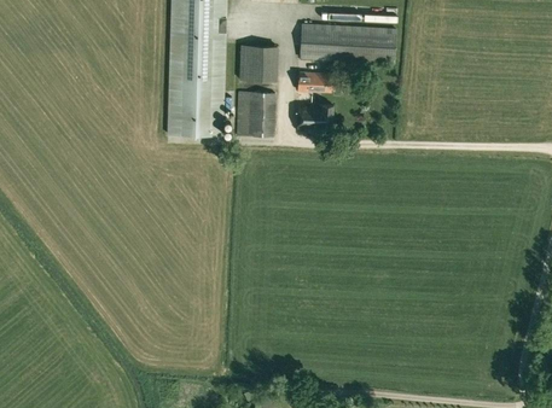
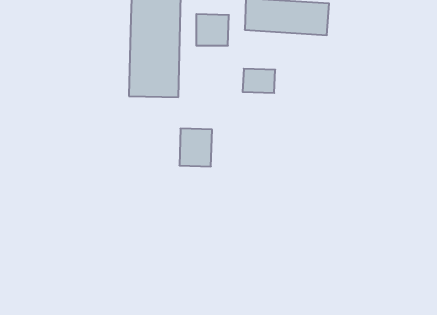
building: [297,71,342,93] -> none
building: [238,93,275,136] -> [179,129,212,166]

